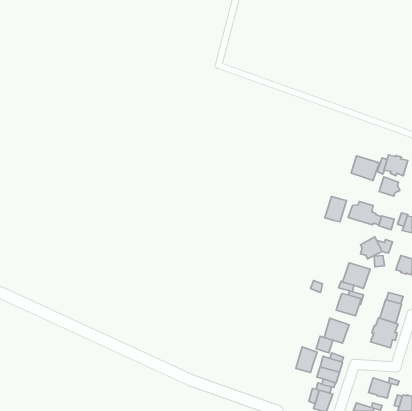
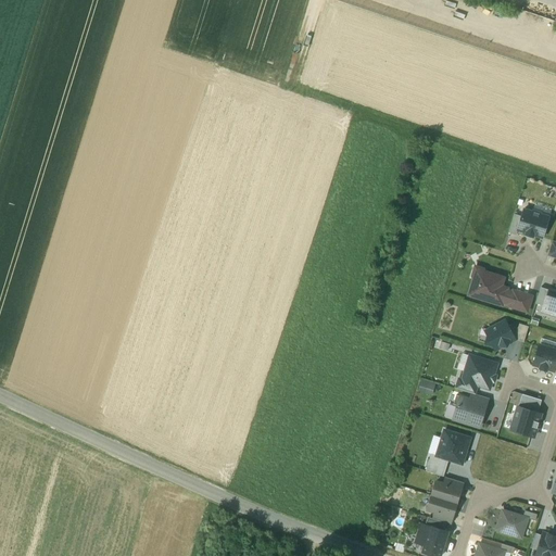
building: [351,156,379,181] -> none
building: [379,177,400,196] -> none
building: [325,196,347,222] -> none
building: [371,318,398,348] -> none
building: [296,347,317,373] -> none

